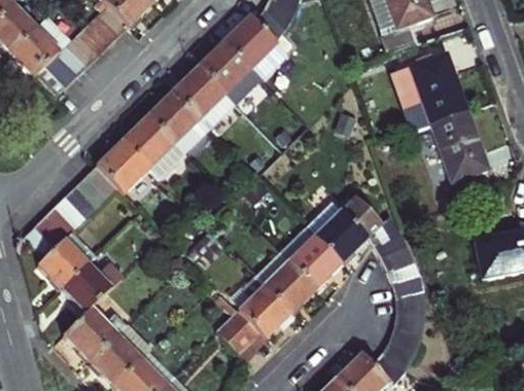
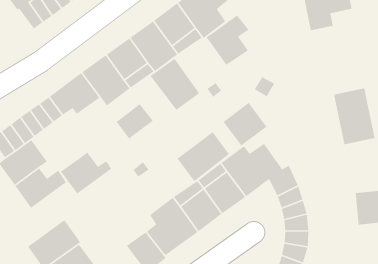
building: none -> [205,14,249,66]
building: [389,51,466,122] -> none
building: none -> [150,58,200,111]
building: none -> [222,102,268,147]
building: none -> [116,103,154,140]
building: none -> [176,131,230,182]
building: [61,307,124,360] -> [60,152,112,194]

